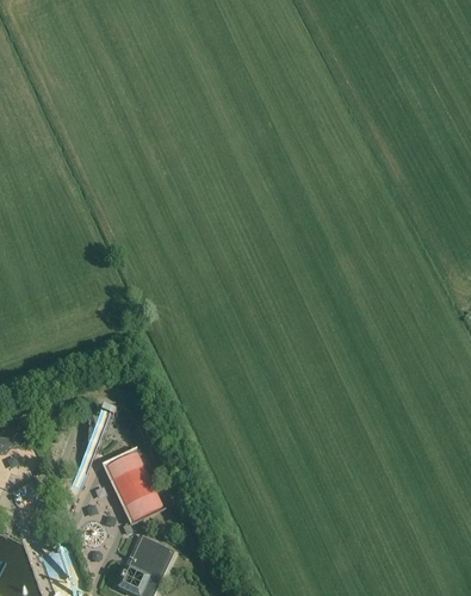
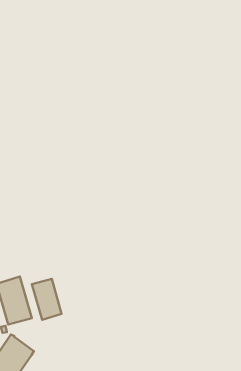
building: none -> [32,279,62,320]

